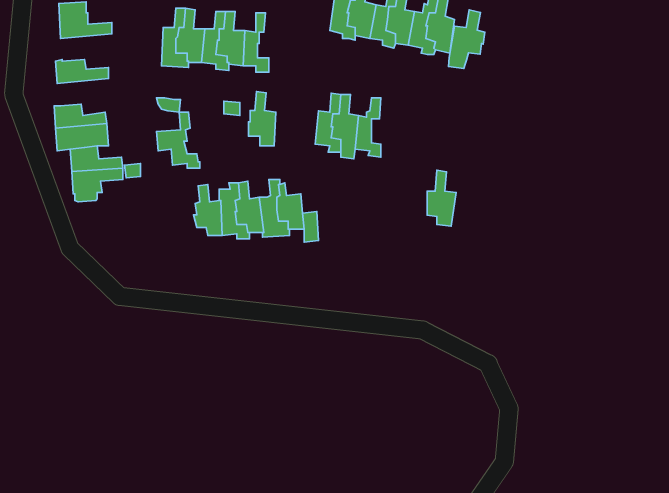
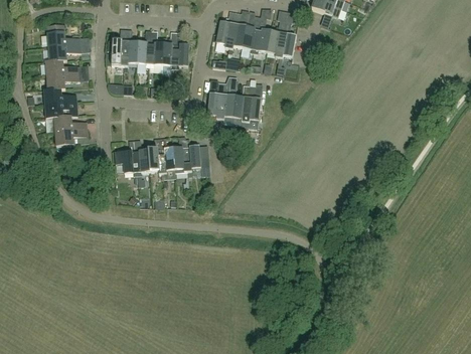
building: [448,10,485,69] -> none
building: none -> [47,44,81,61]
building: none -> [45,72,78,90]
building: [249,91,276,146] -> [171,31,188,65]
building: [157,112,200,168] -> [114,140,141,175]
building: [427,170,456,226] -> [243,84,261,120]

